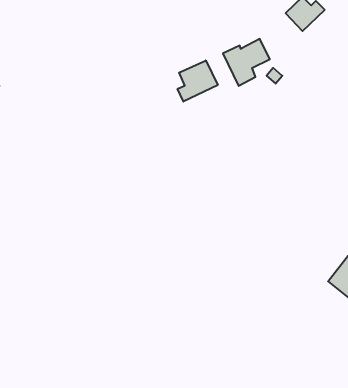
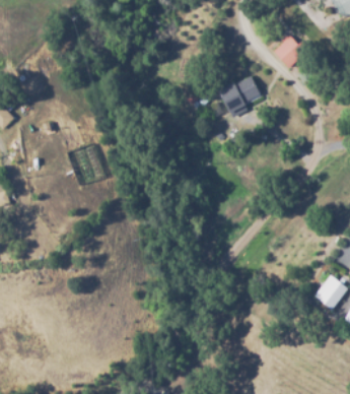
building: [178,60,218,102] -> none

